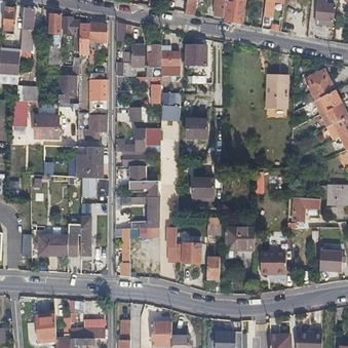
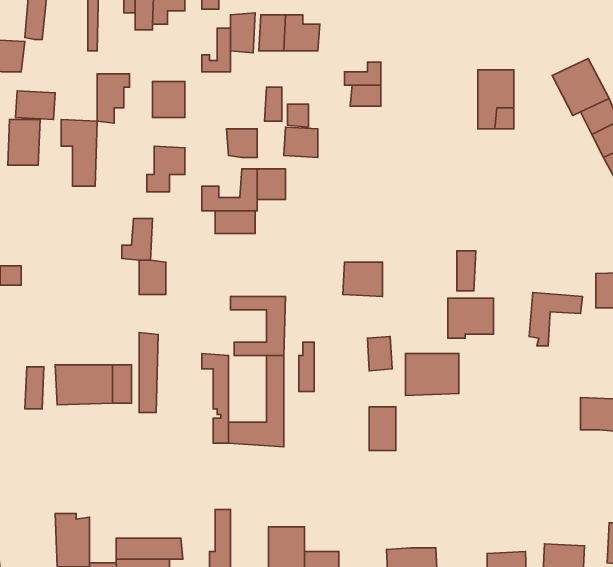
building: [185,44,206,64] -> none
building: [184,118,205,137] -> none
building: [87,146,103,178] -> none
building: [129,165,157,196] -> none
building: [176,239,200,259] -> none
building: [260,250,284,272] -> [448,298,494,338]

